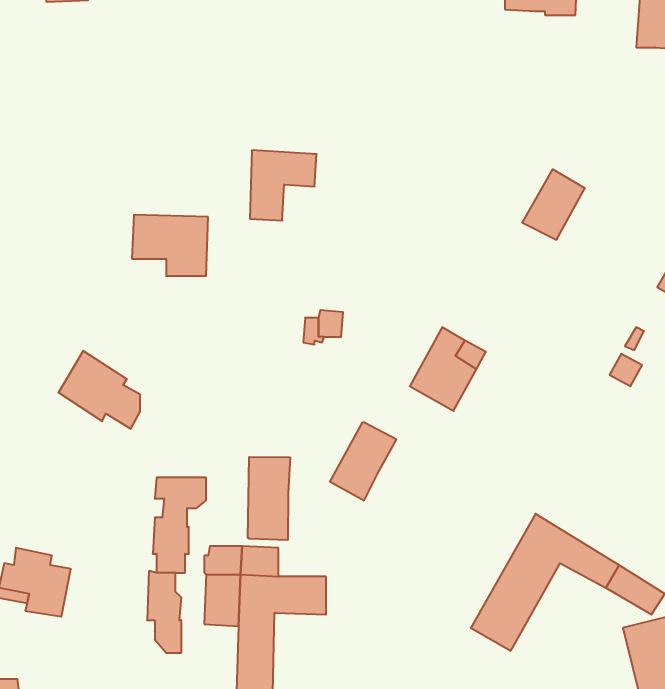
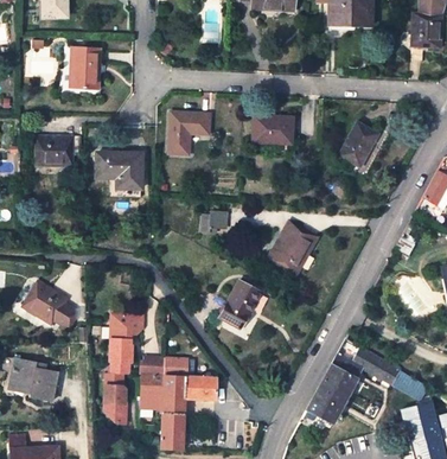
building: none -> [70,46,101,89]
building: none -> [253,115,293,142]
building: none -> [37,135,82,165]
building: [58,351,140,429] -> [24,280,75,329]
building: [248,457,290,540] -> none

